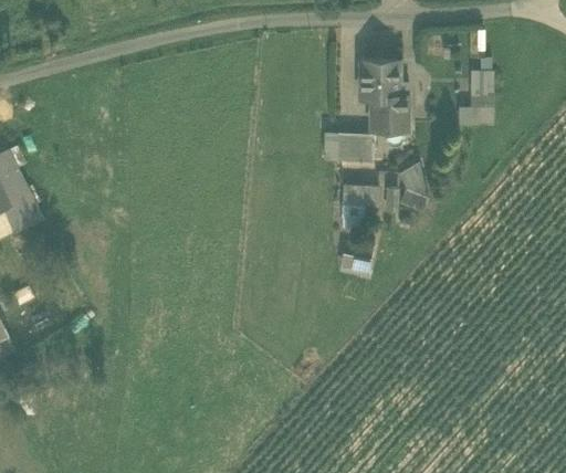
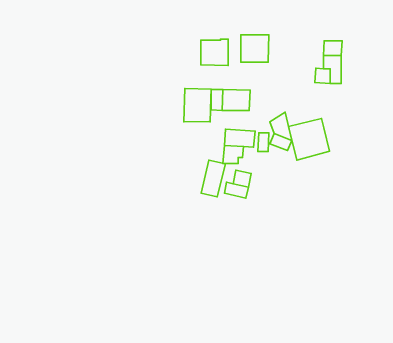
building: [373,96,408,130] -> [201,39,228,66]
building: none -> [184,88,211,122]
building: none -> [289,119,329,160]
building: none -> [201,160,226,197]

